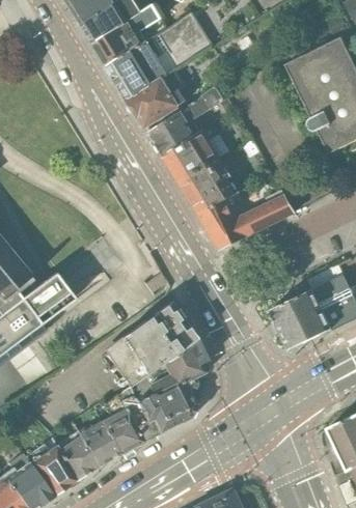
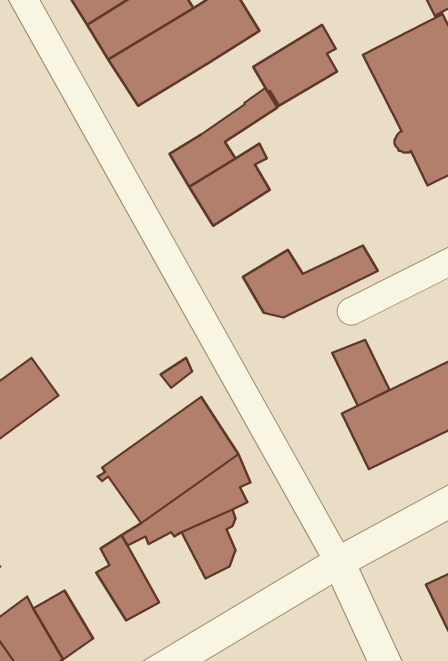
building: [128,69,186,125] -> [253,25,337,106]
building: [180,157,240,217] -> none
building: none -> [332,340,389,406]
building: [120,393,174,442] -> none
building: [76,421,119,467] -> none

